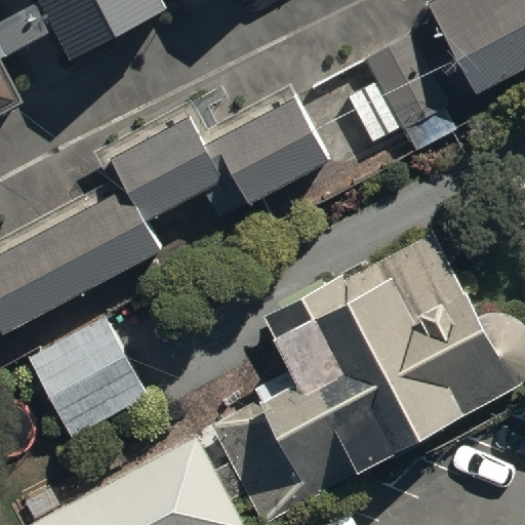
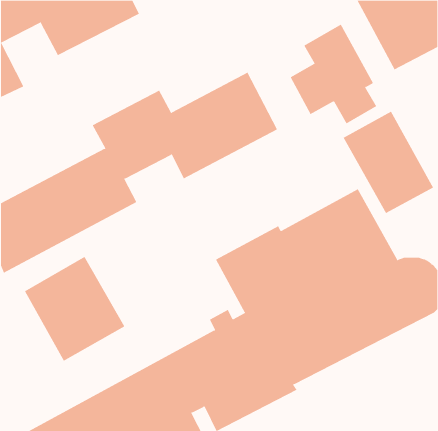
building: none -> [343,111,434,214]

